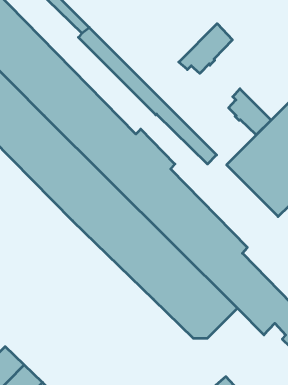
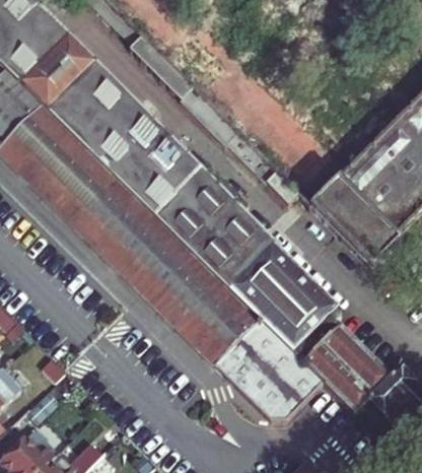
building: [179,24,232,73] -> none
building: [229,89,271,135] -> none

